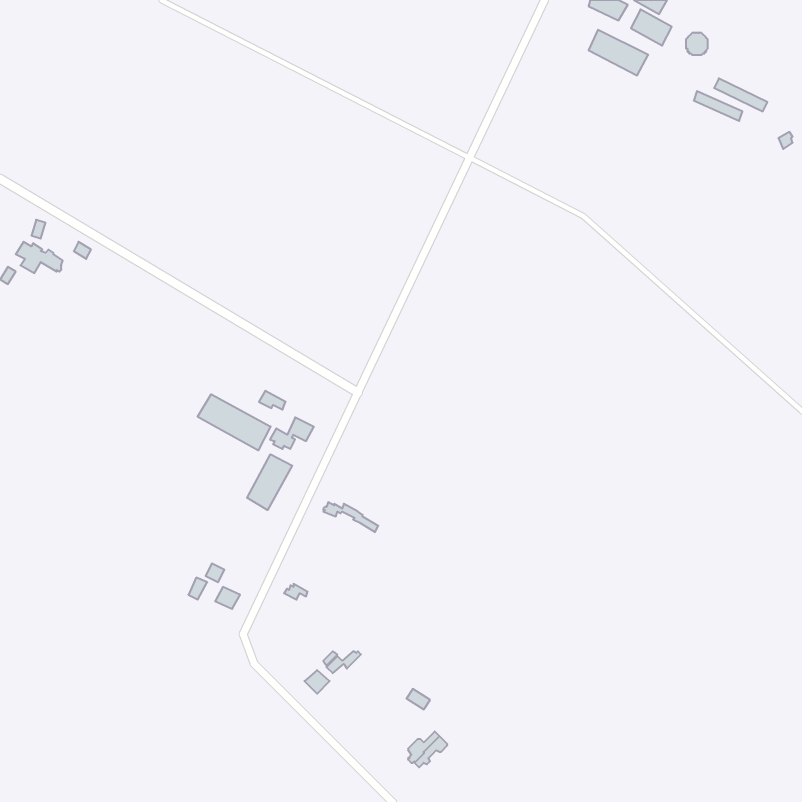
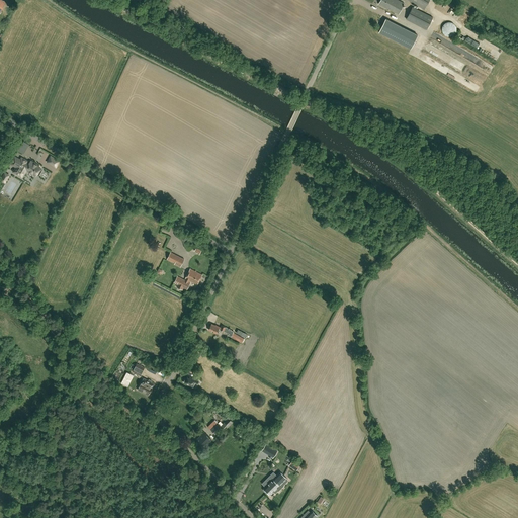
building: [198,394,271,450] -> none
building: [247,454,292,510] -> none

